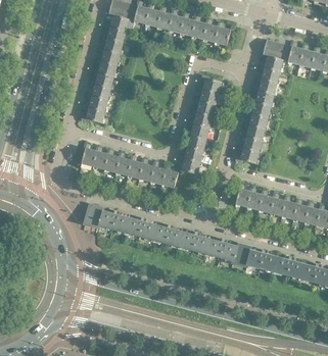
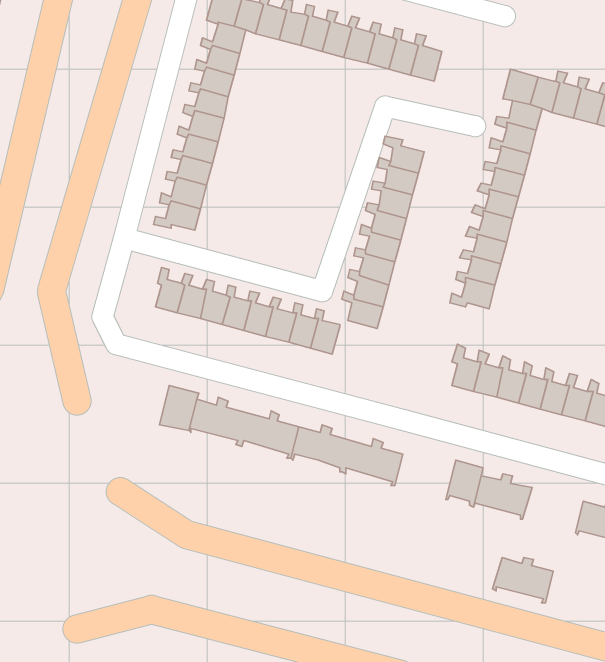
building: [206,238,237,262] -> none
building: [273,256,304,279] -> [492,558,553,603]

